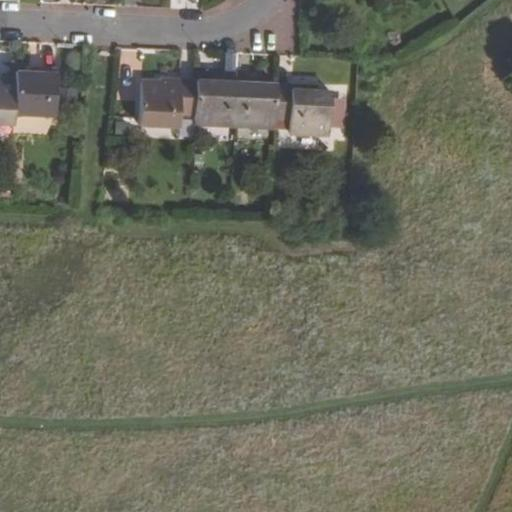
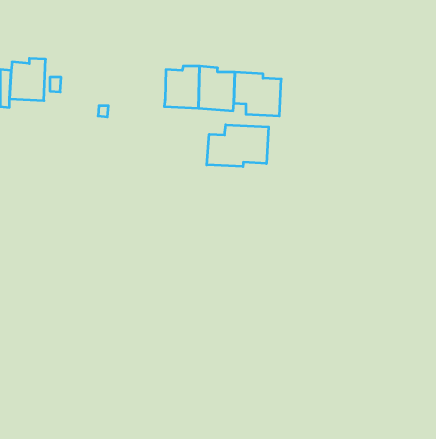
building: [140,79,197,128] -> none
building: none -> [207,125,269,167]

